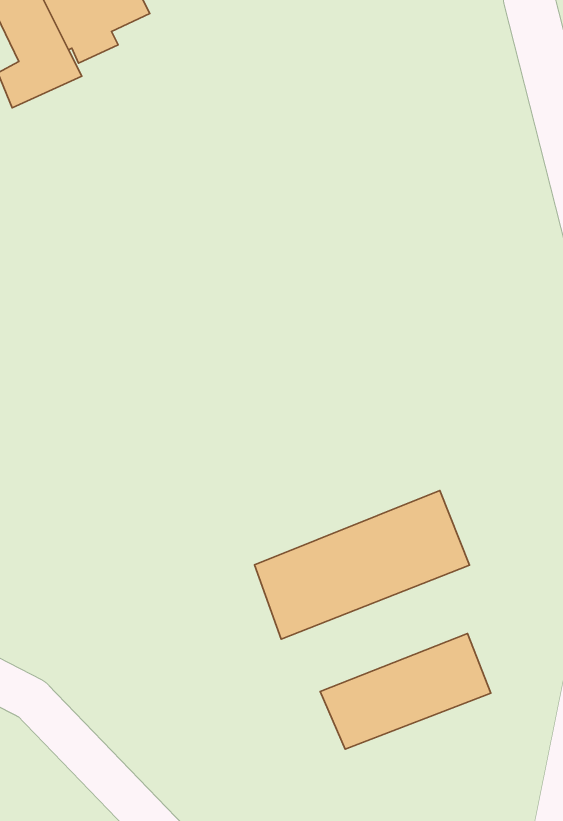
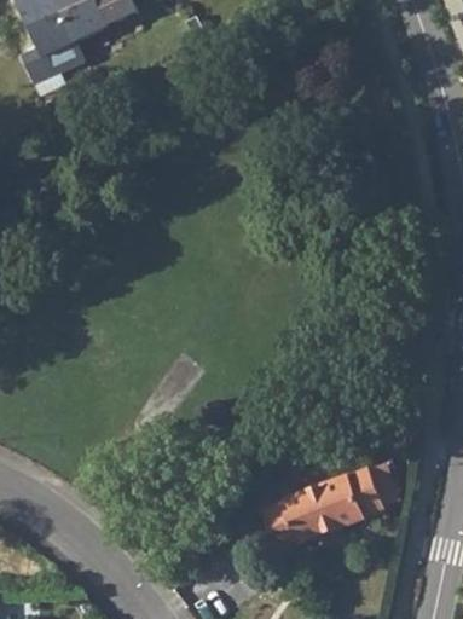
building: [255,491,470,639] -> none

